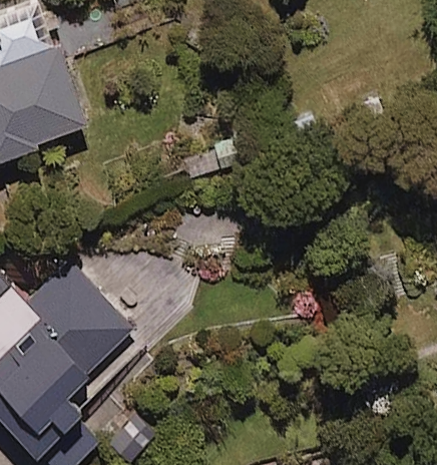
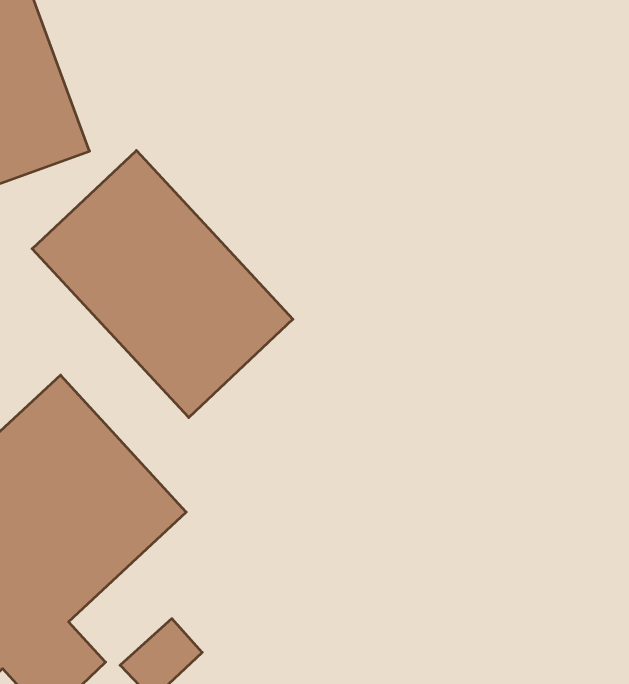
building: none -> [32,150,293,418]

